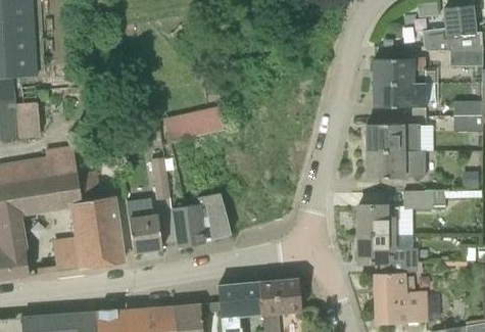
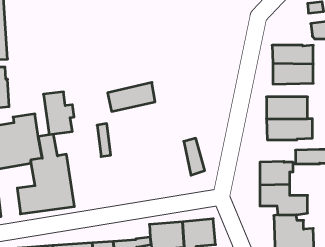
building: [204,192,231,239] -> [184,138,205,175]
building: [126,198,164,252] -> [43,92,74,135]
building: [172,204,204,246] -> none

